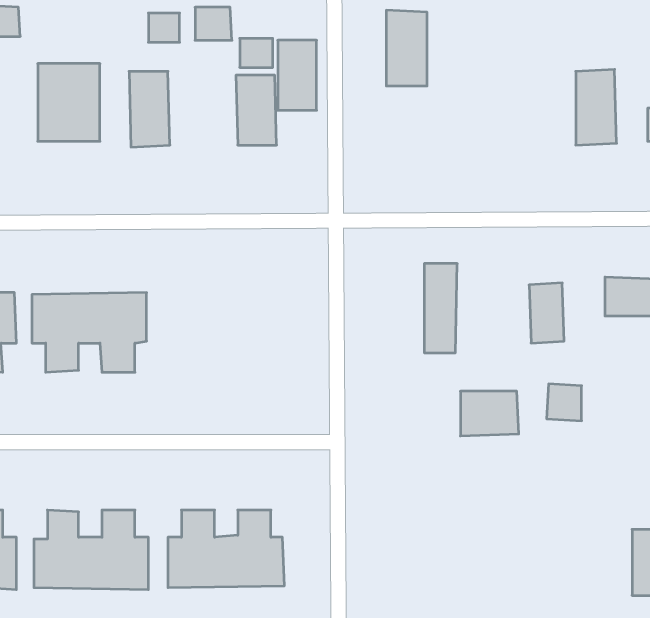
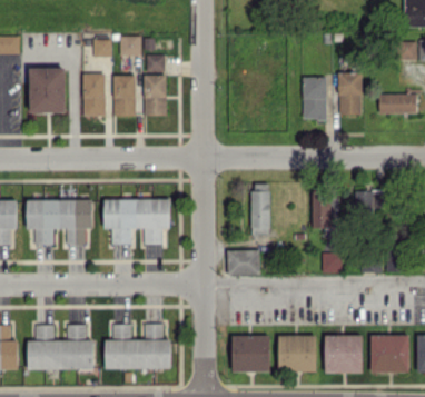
building: [386,10,427,86] -> [303,77,326,120]
building: [278,40,317,110] -> [113,76,136,116]
building: none -> [103,199,170,245]
building: [460,391,519,436] -> [227,250,260,276]
building: none -> [231,336,270,373]
building: none -> [278,336,316,371]
building: none -> [325,336,363,374]

